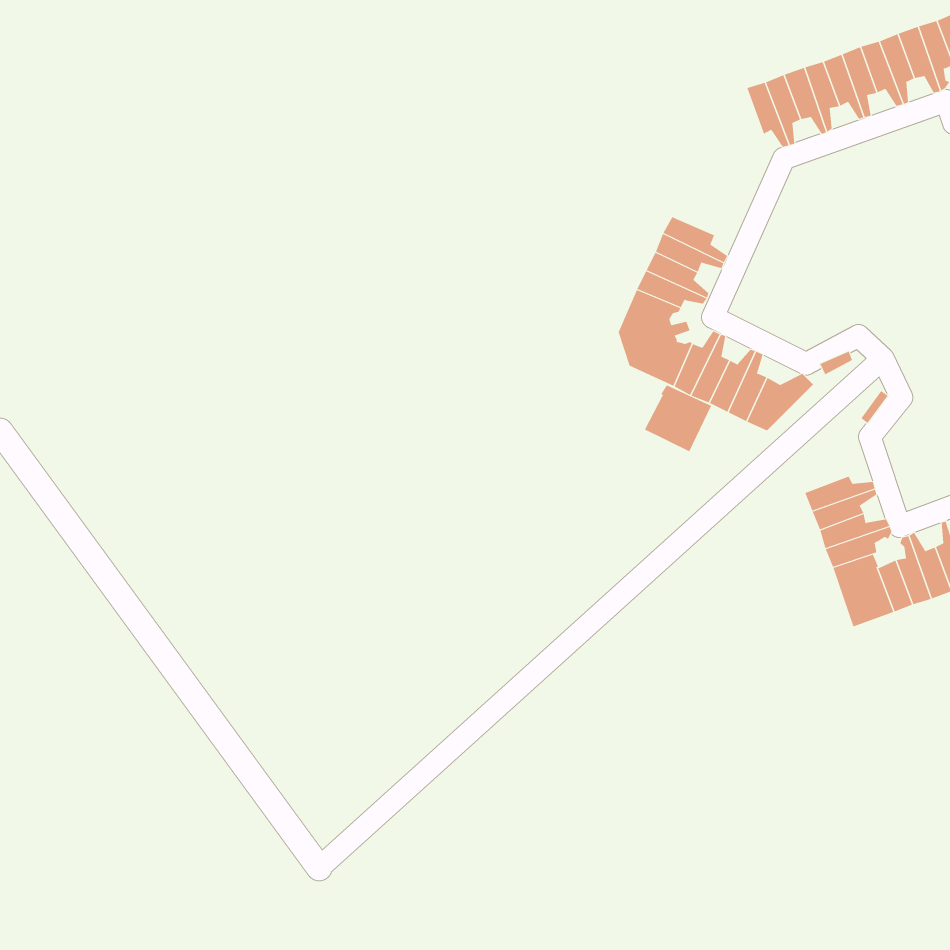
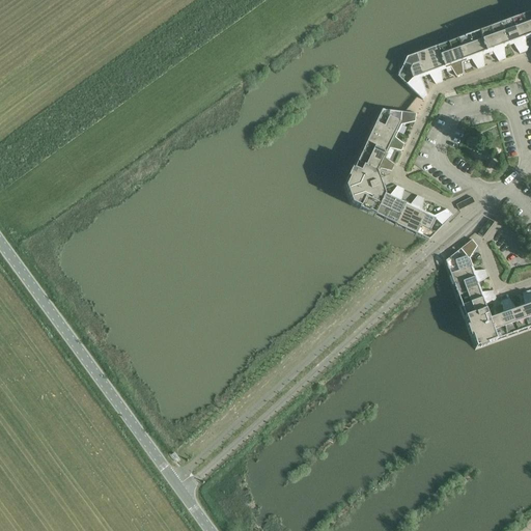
building: none -> [397,49,429,99]
building: none -> [375,108,418,131]
building: [644,382,712,452] -> none
building: none -> [445,237,479,274]

